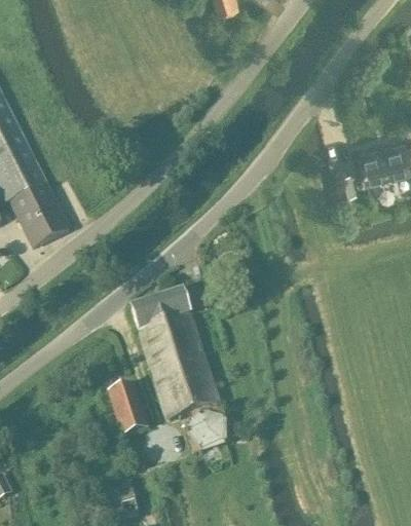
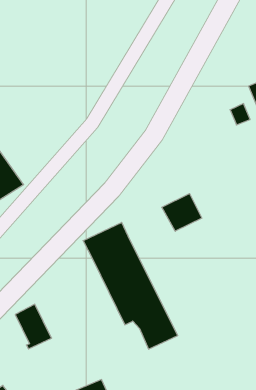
building: none -> [162,194,202,231]
building: [108,383,148,437] -> [15,304,52,349]

